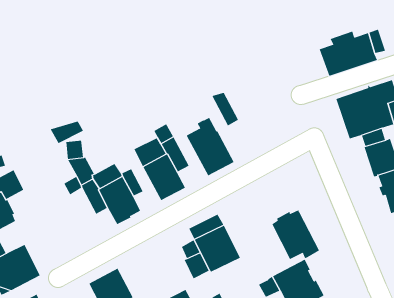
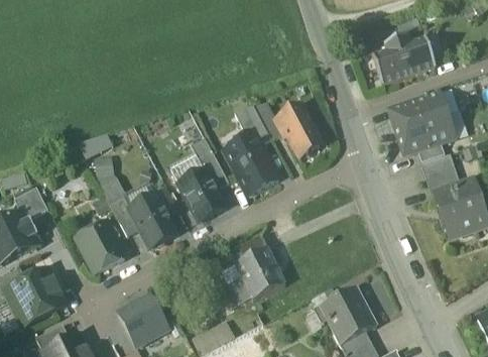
building: none -> [234,106,270,144]
building: none -> [279,106,322,157]
building: none -> [77,222,124,271]
building: [272,210,320,260] -> none

